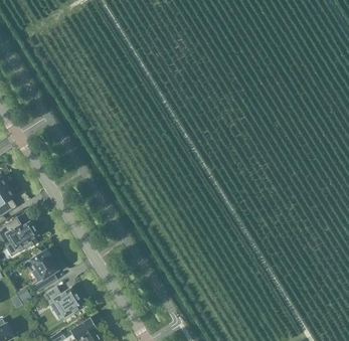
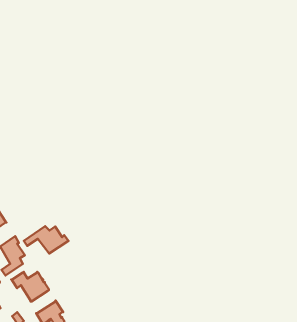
building: none -> [24,226,69,254]

